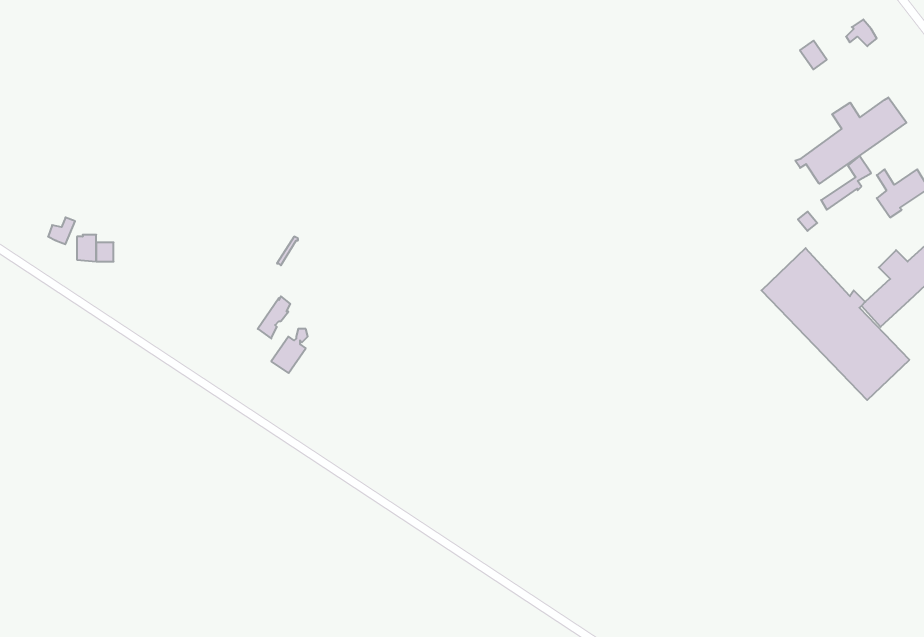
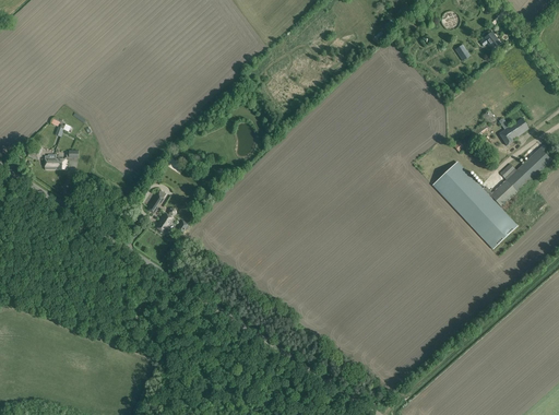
building: [795,97,906,184] -> none

